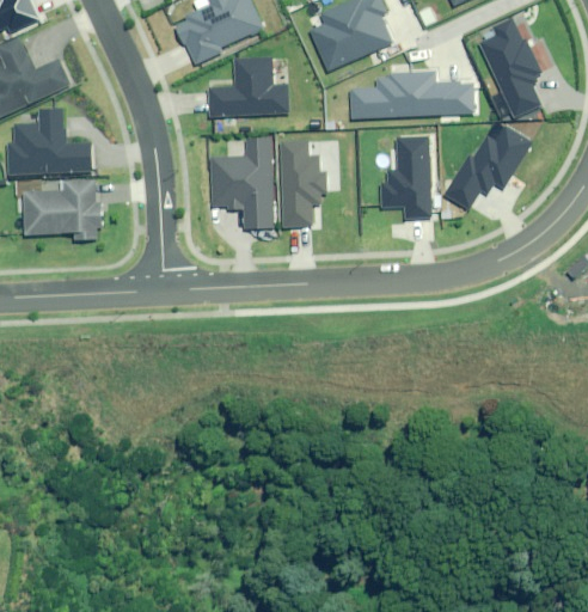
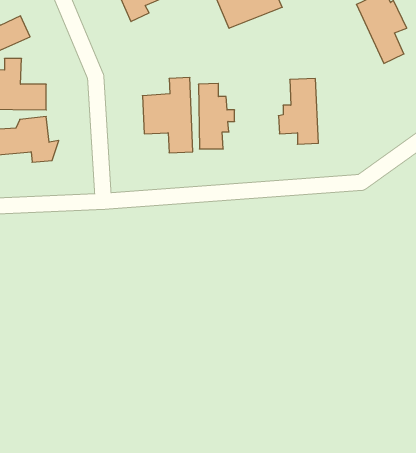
building: [210,56,293,114] -> none
building: [351,71,474,117] -> none
building: [443,123,534,209] -> none

